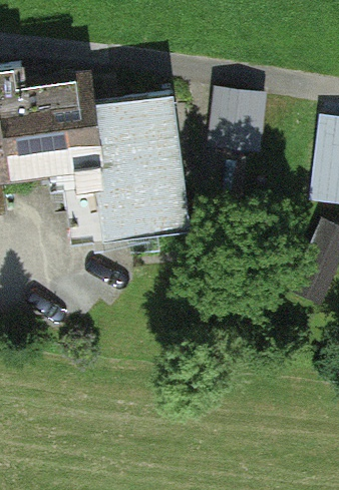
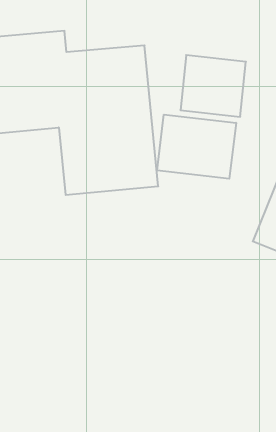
building: none -> [157,115,236,179]

